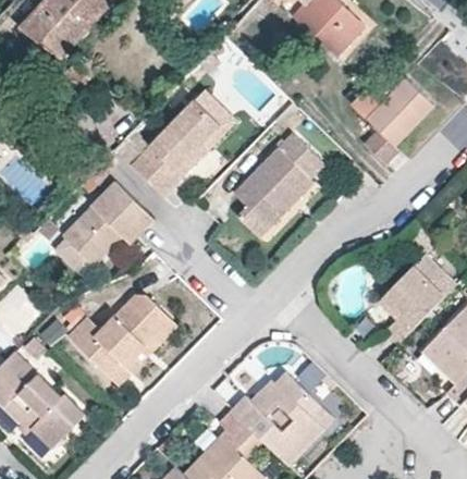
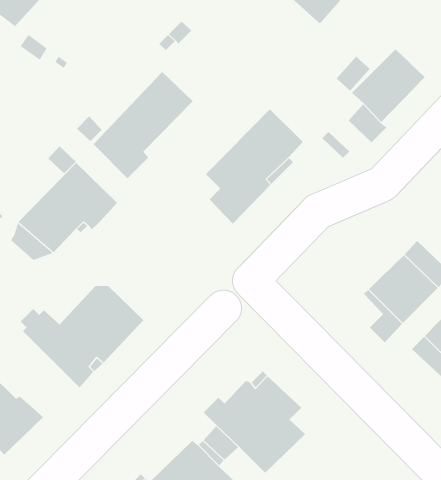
building: [177,88,236,177] -> none

